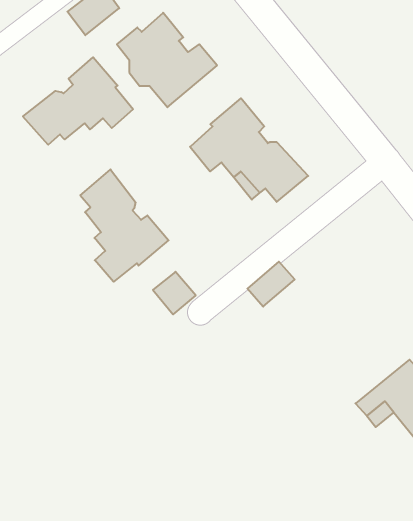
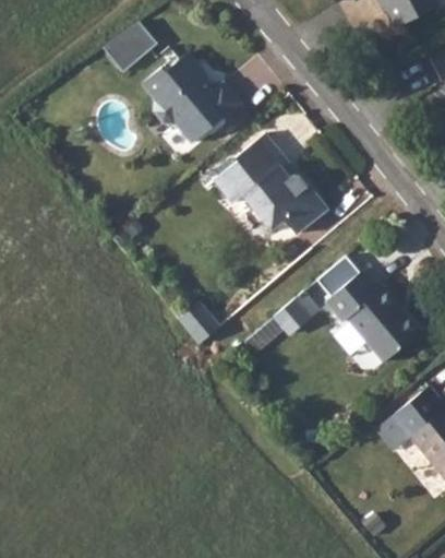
building: [23,57,133,145] -> none
building: [80,169,169,282] -> none
building: none -> [314,258,420,363]

